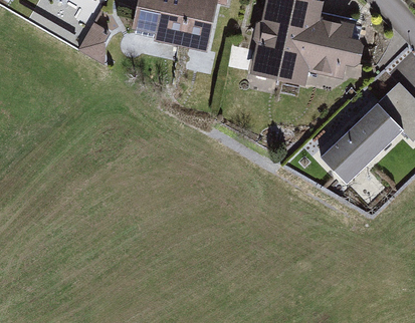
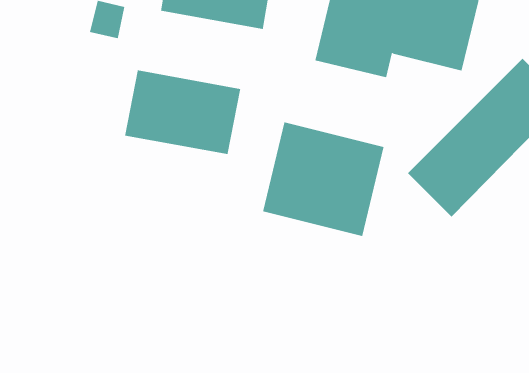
building: none -> [124,70,241,155]
building: none -> [262,122,384,237]

